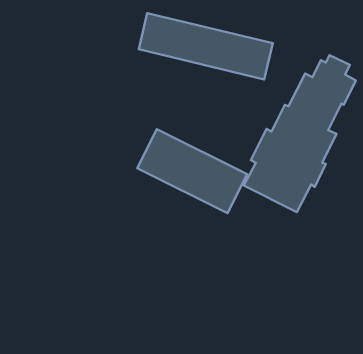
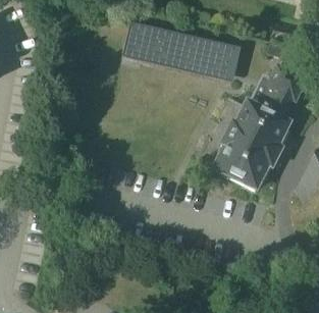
building: [137,129,247,213] -> none

